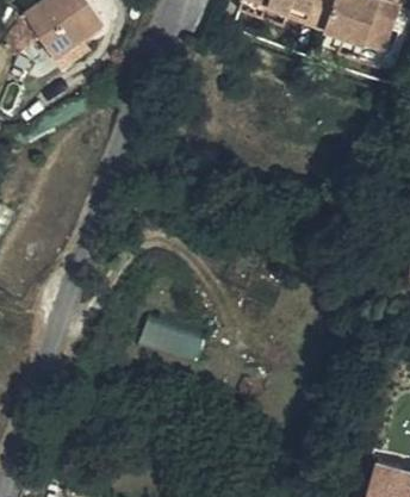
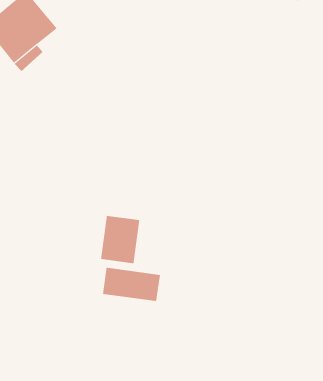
building: none -> [101,215,140,264]

